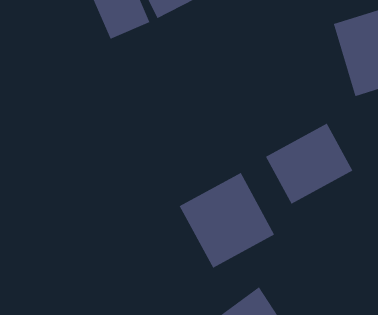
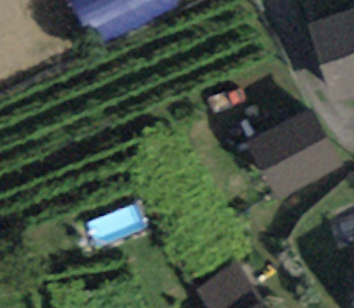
building: [179,172,275,269] -> none

